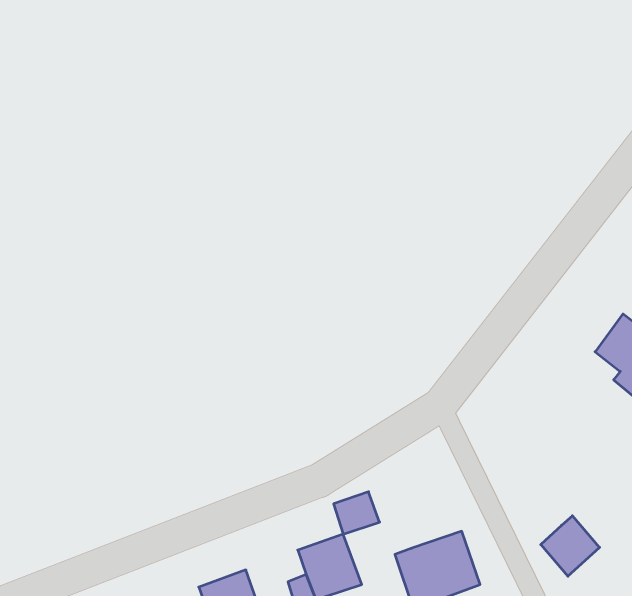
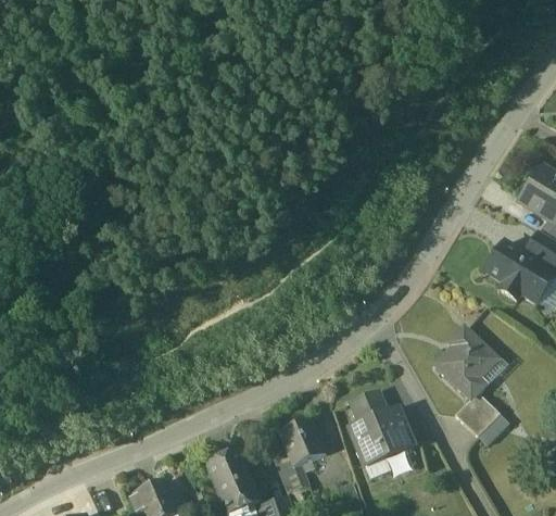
building: none -> [434,325,498,400]
building: [334,492,380,534] -> [353,392,388,425]

